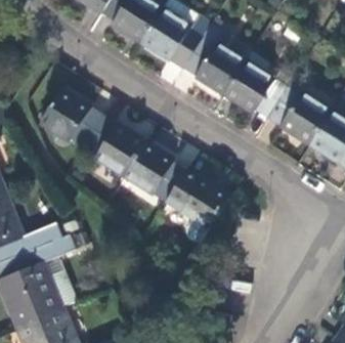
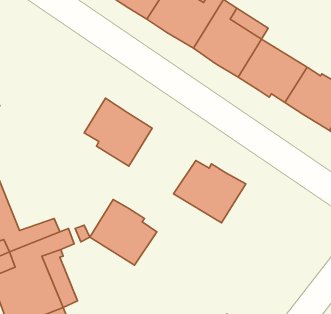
building: [39,89,102,146] -> none
building: [124,142,185,203] -> [90,199,157,265]

